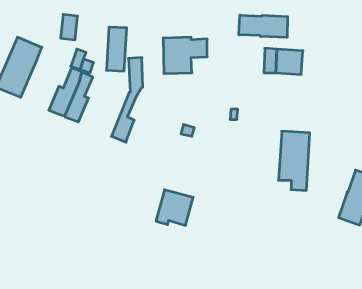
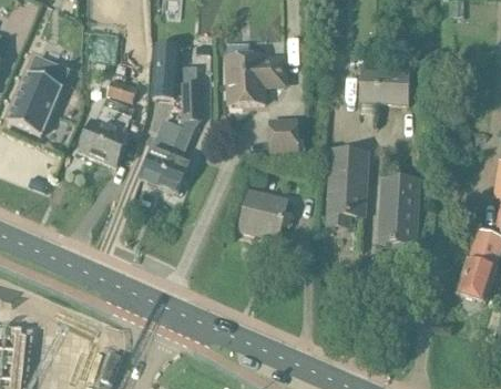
building: [239,15,288,37] -> none
building: none -> [139,119,182,184]
building: none -> [269,119,295,151]
building: none -> [327,151,367,223]
building: [156,190,193,225] -> [237,188,286,235]

